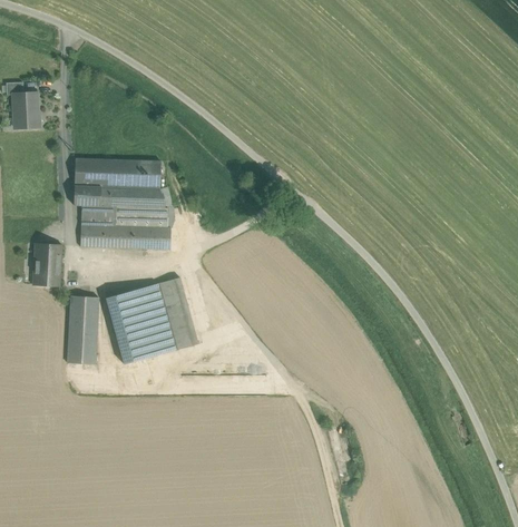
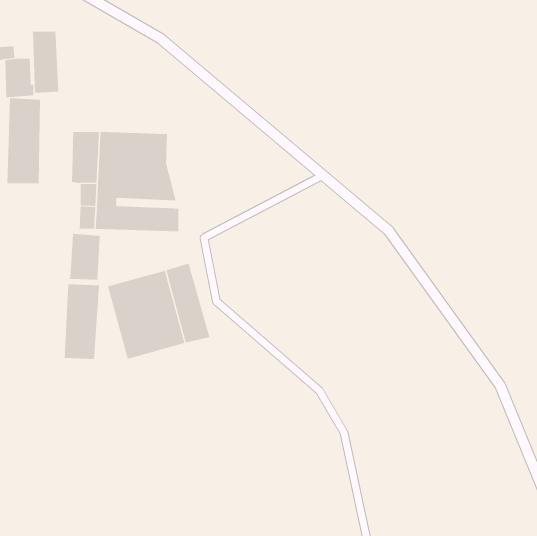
building: none -> [32,31,59,93]
building: none -> [7,98,41,184]
building: [32,243,62,285] -> [68,233,102,280]

